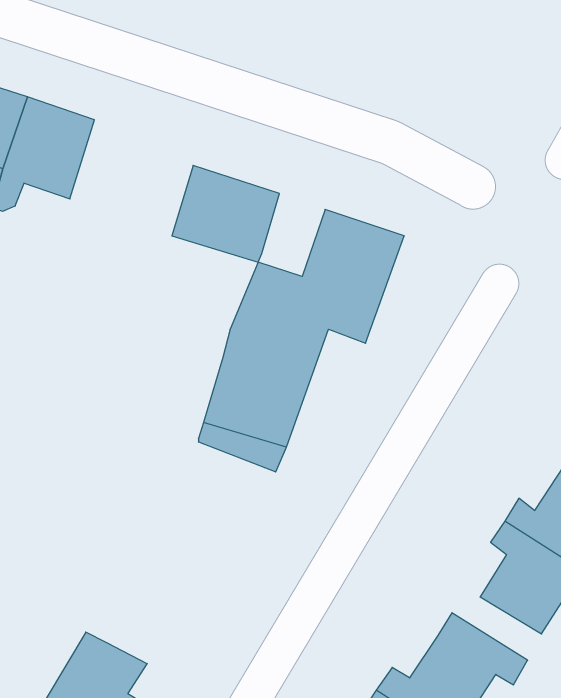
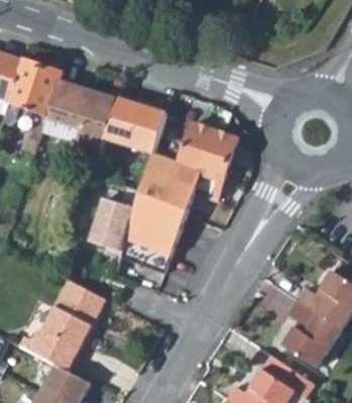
building: none -> [42,79,117,147]
building: none -> [90,196,134,253]
building: none -> [29,279,105,370]

